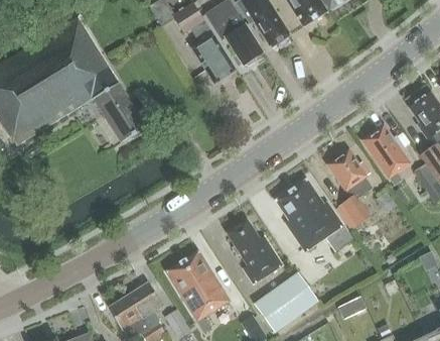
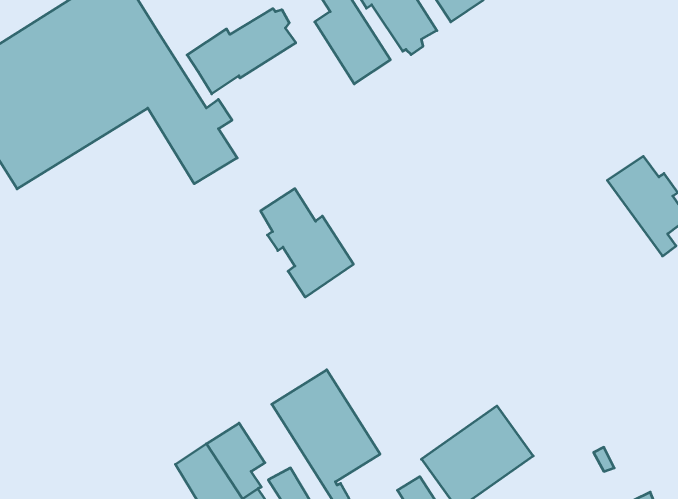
building: none -> [187,9,296,94]
building: [328,150,373,230] -> none
building: [276,180,352,252] -> none
building: [228,220,282,283] -> [261,189,353,297]

